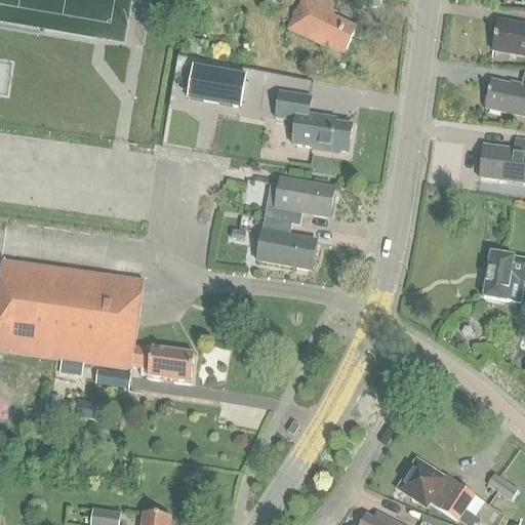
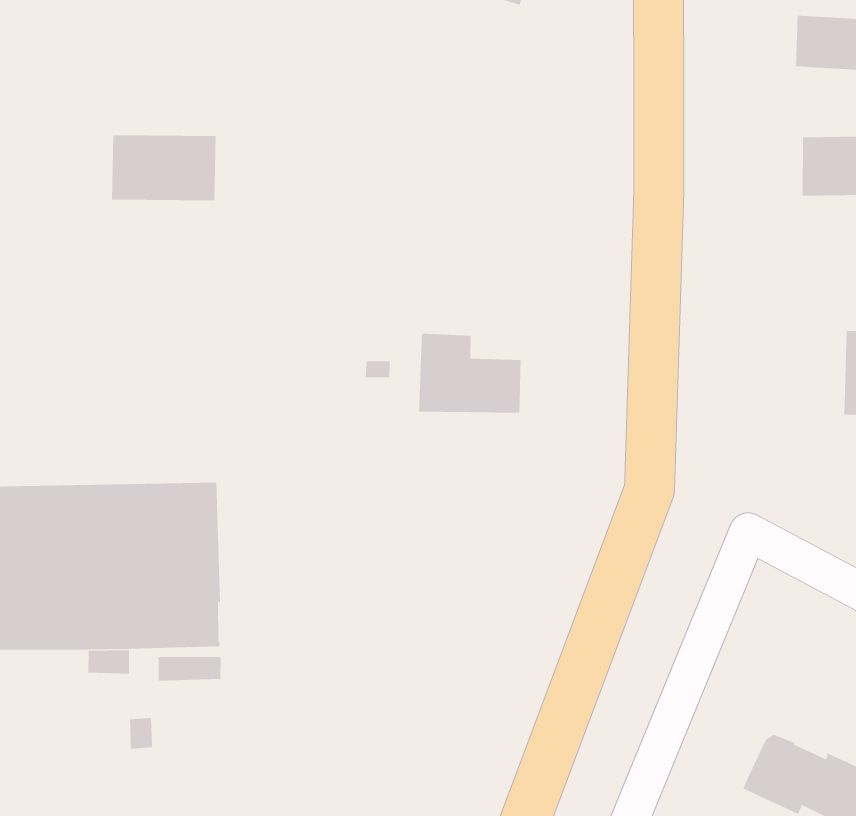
building: [186,62,247,106] -> [111,135,216,201]
building: [275,89,352,152] -> none
building: [265,176,334,224] -> none
building: [131,344,194,379] -> none

